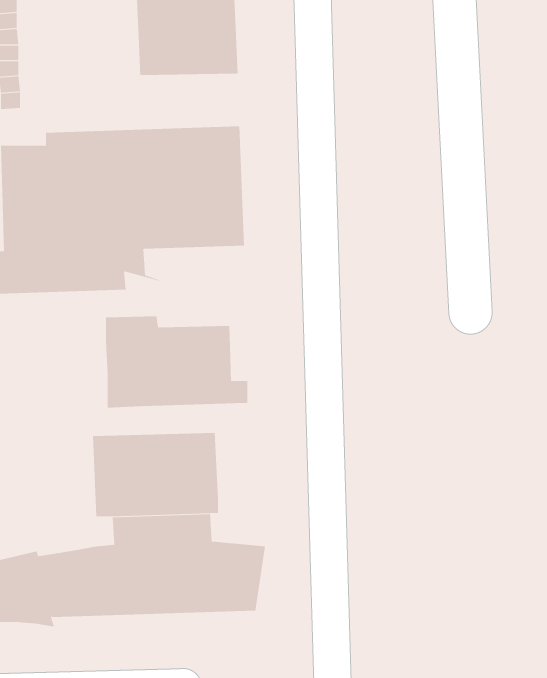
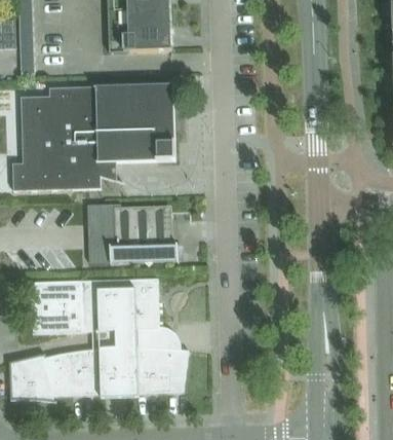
building: none -> [32,281,82,333]

